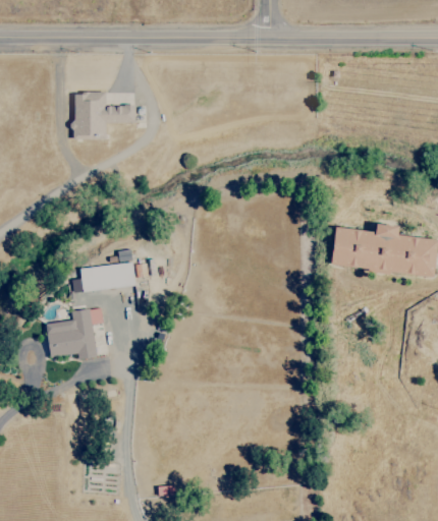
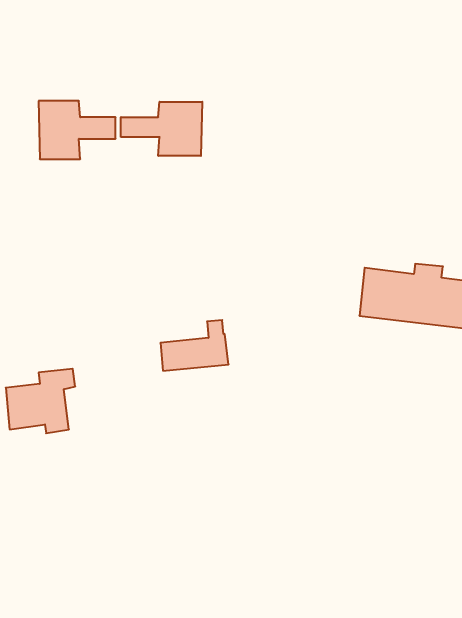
building: none -> [121,102,202,156]
building: [80,250,135,291] -> [160,320,229,371]

